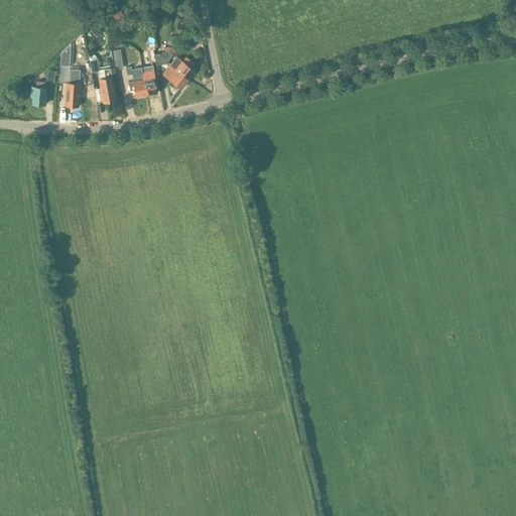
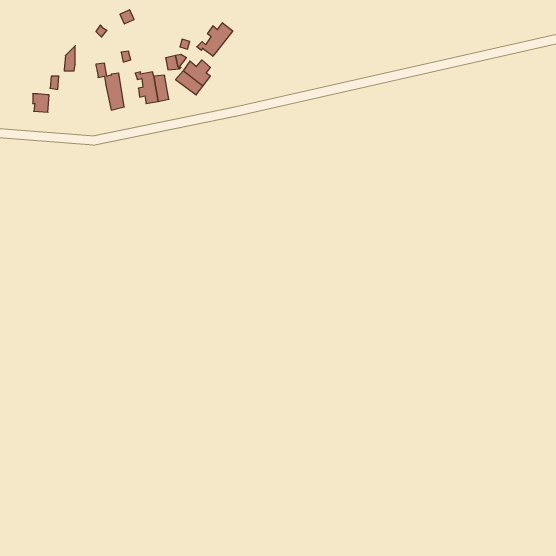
building: none -> [197,23,233,56]
building: [64,69,80,107] -> none

